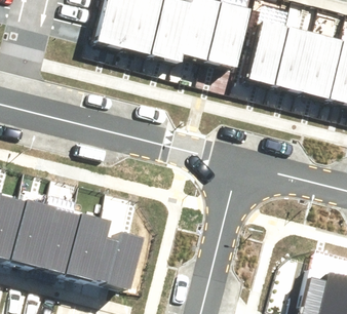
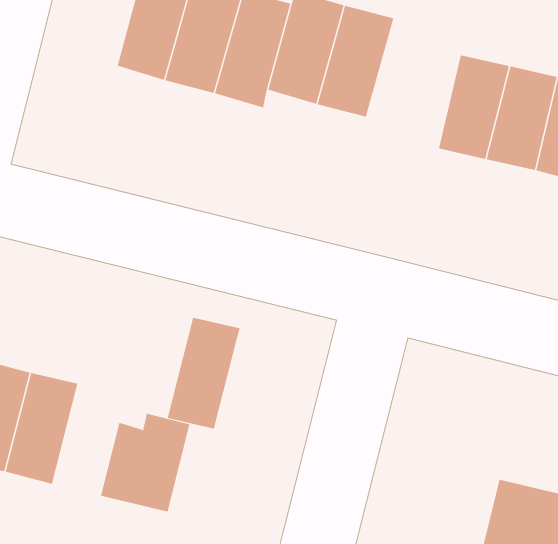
building: [249,25,290,84] -> none
building: [62,215,103,278] -> [167,317,240,429]

